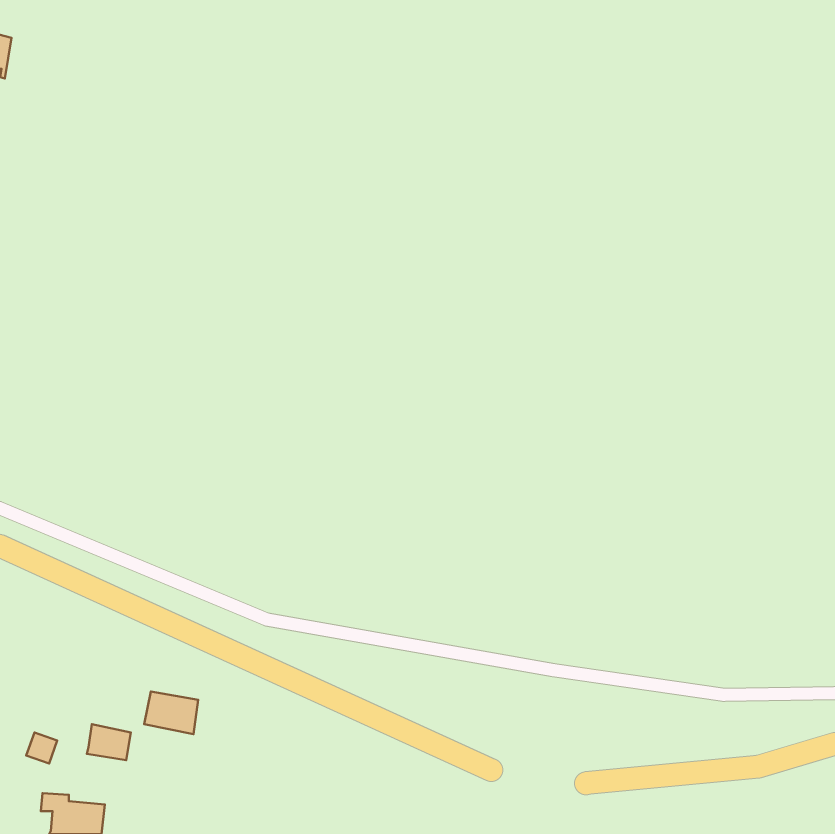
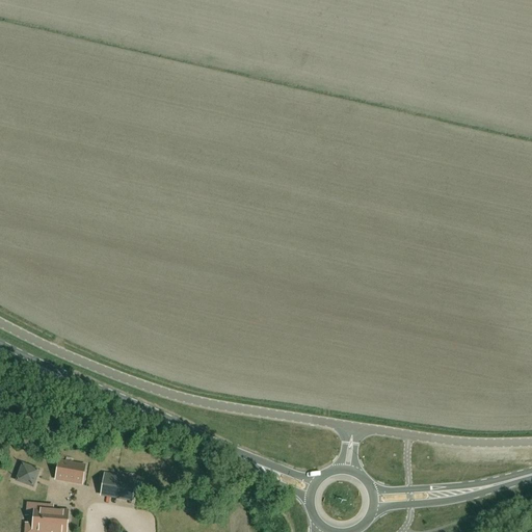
building: [144,692,198,734] -> [100,473,134,500]

